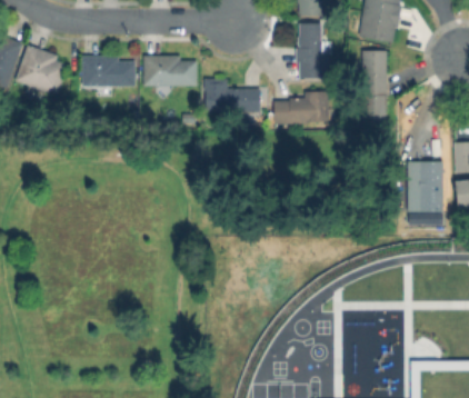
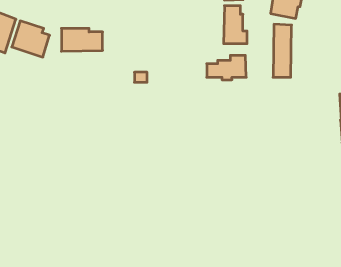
building: [143,54,197,87] -> none
building: [206,79,257,111] -> none
building: [403,160,439,225] -> none

